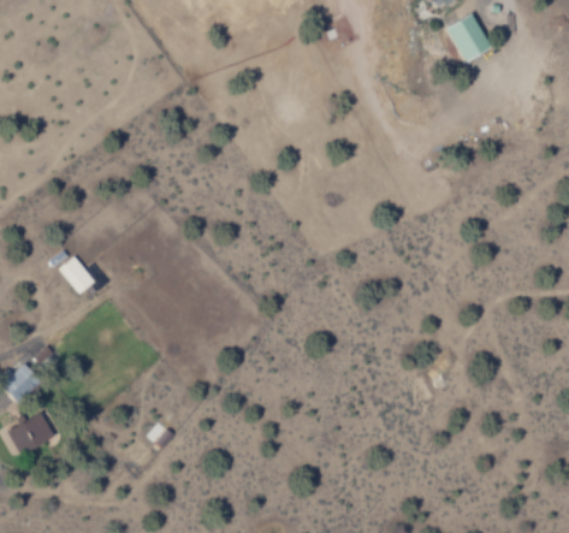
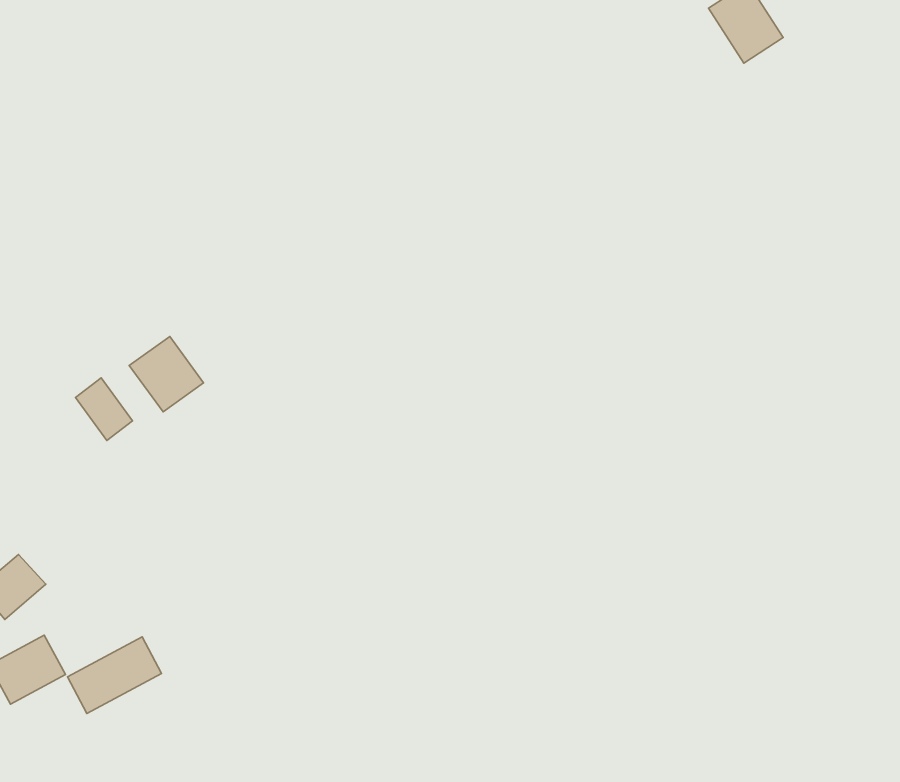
building: none -> [129,337,204,412]
building: none -> [67,637,162,714]

